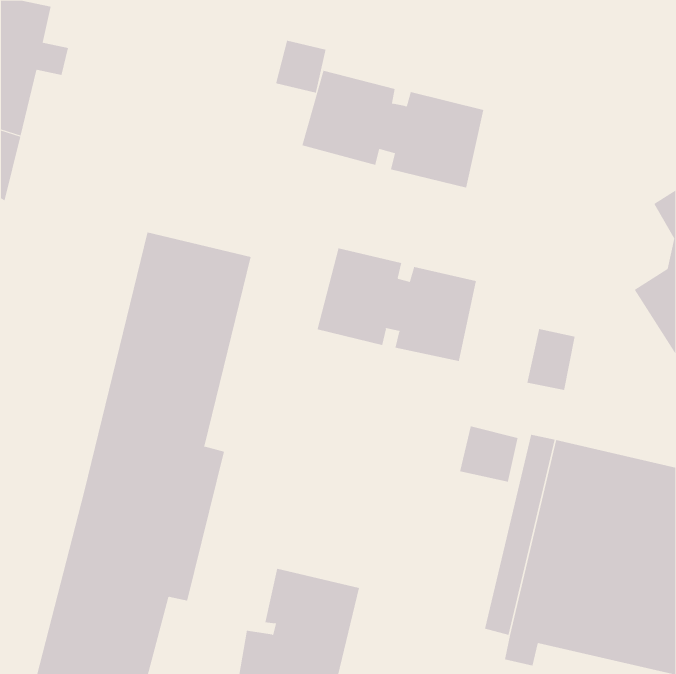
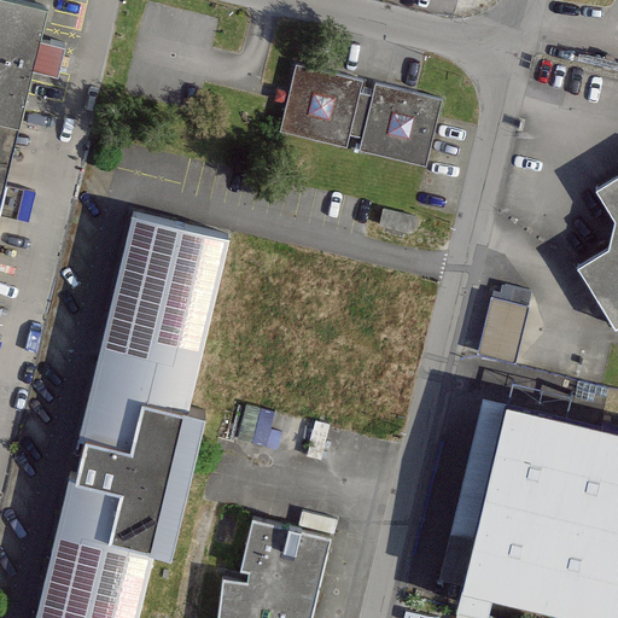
building: [276,40,326,94] -> none
building: [317,248,476,362] -> none
building: [460,426,518,482] -> none

